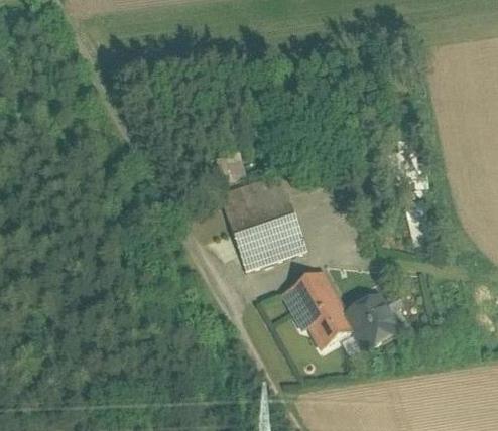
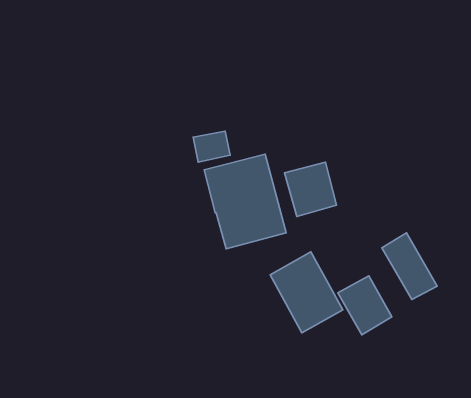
building: none -> [285,162,336,216]
building: none -> [382,233,437,300]

